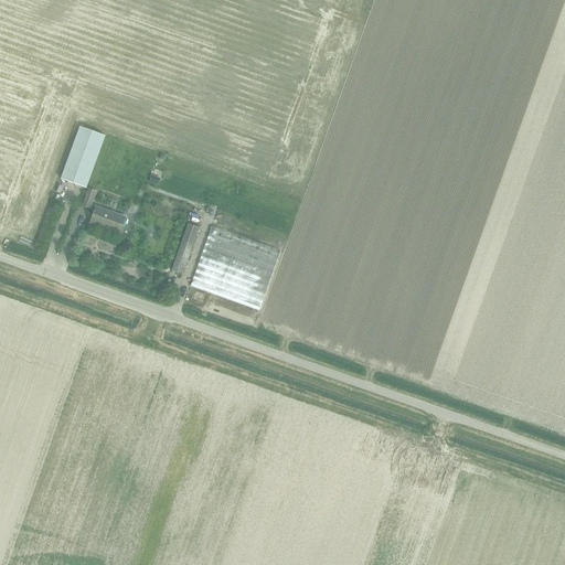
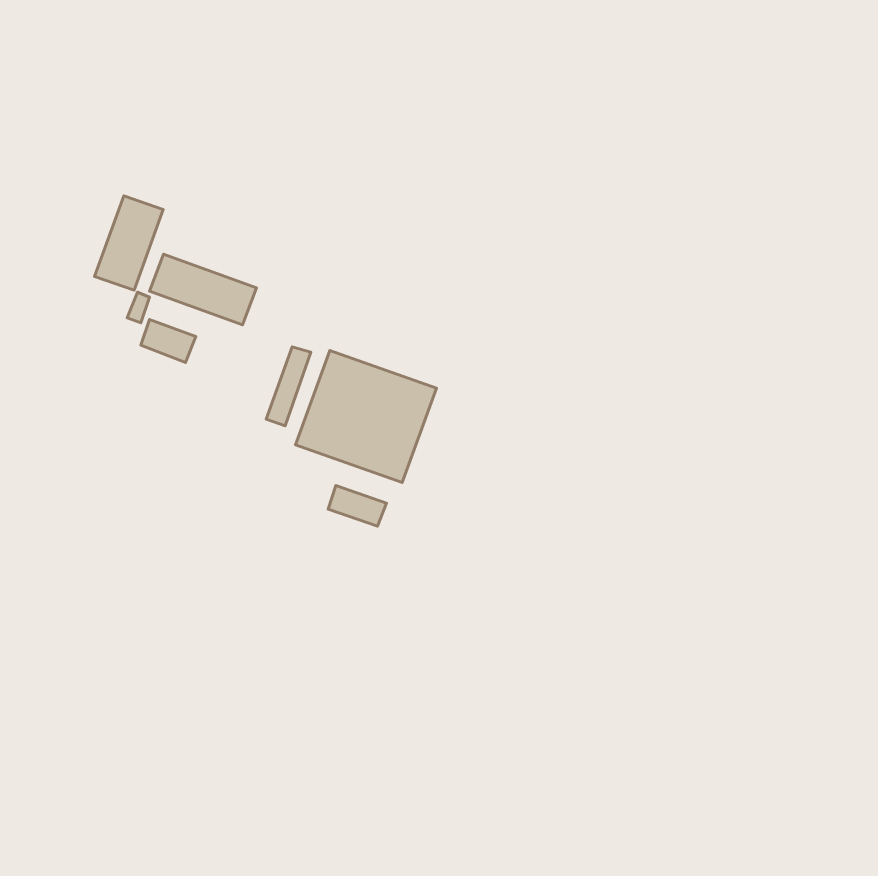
building: none -> [149,254,256,325]
building: none -> [328,485,386,526]

